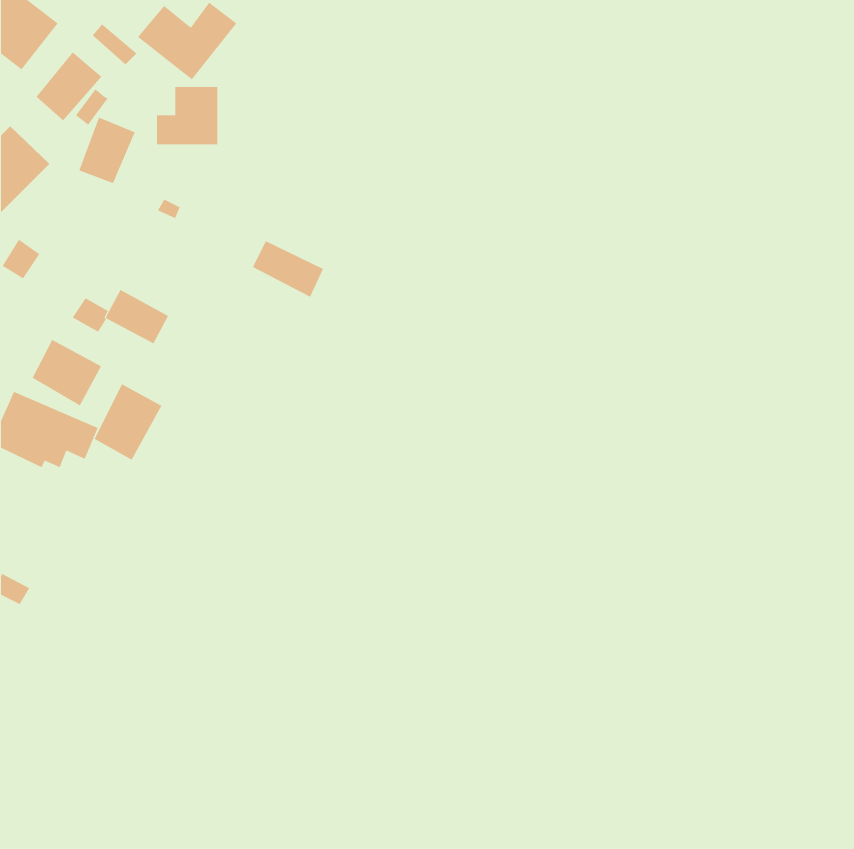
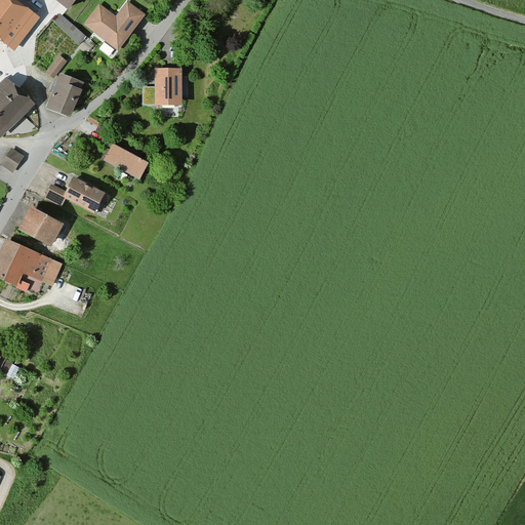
building: [36,51,102,121] -> none
building: [156,86,218,145] -> [144,69,181,105]
building: [252,241,324,297] -> [105,145,149,179]
building: [94,384,162,461] -> none

